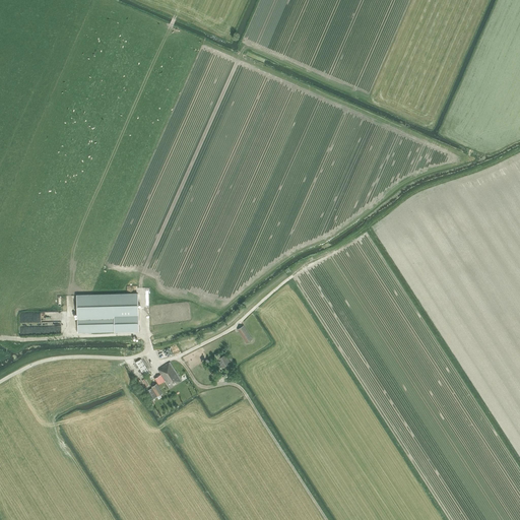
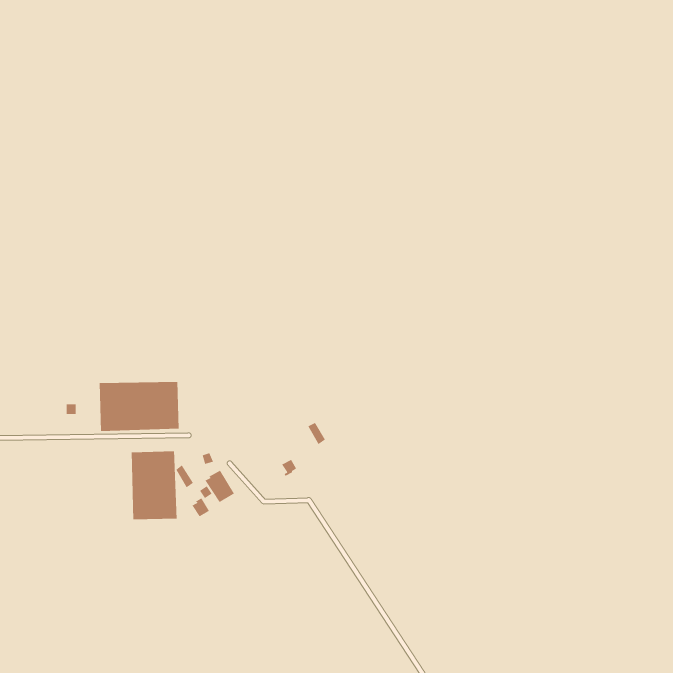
building: none -> [131,451,177,520]

